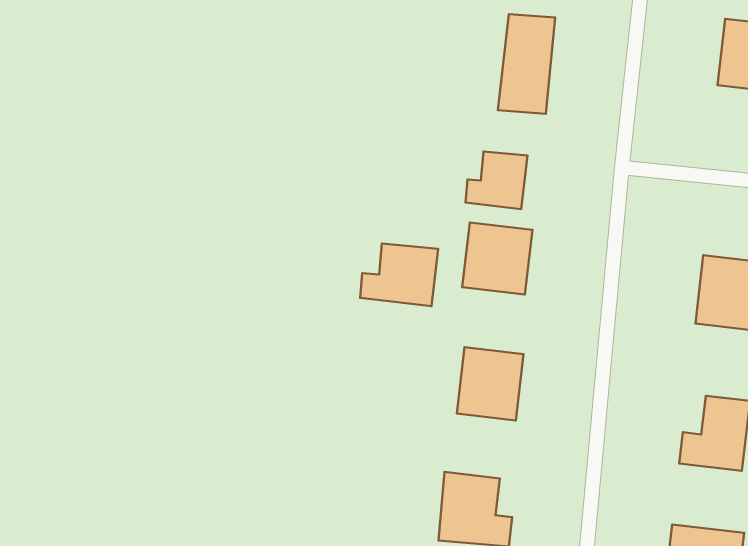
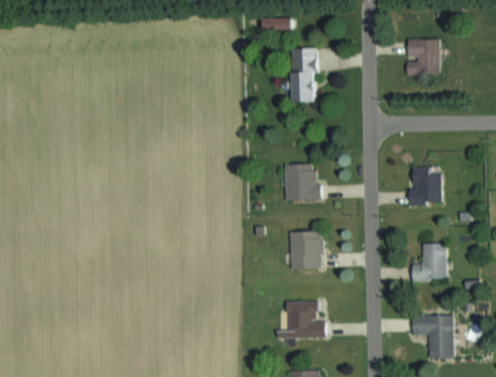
building: [465,151,527,209] -> none
building: [360,244,438,306] -> none

